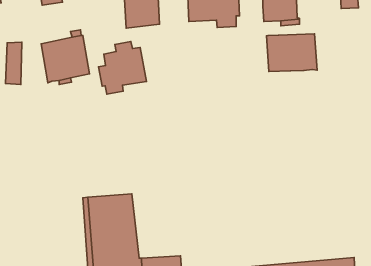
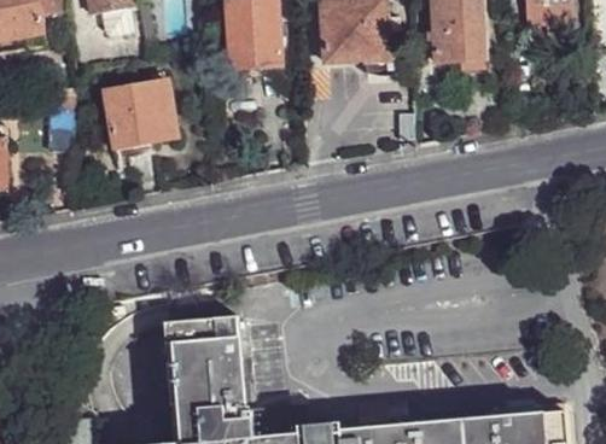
building: [266,34,317,72] -> none
building: [99,42,146,94] -> none

